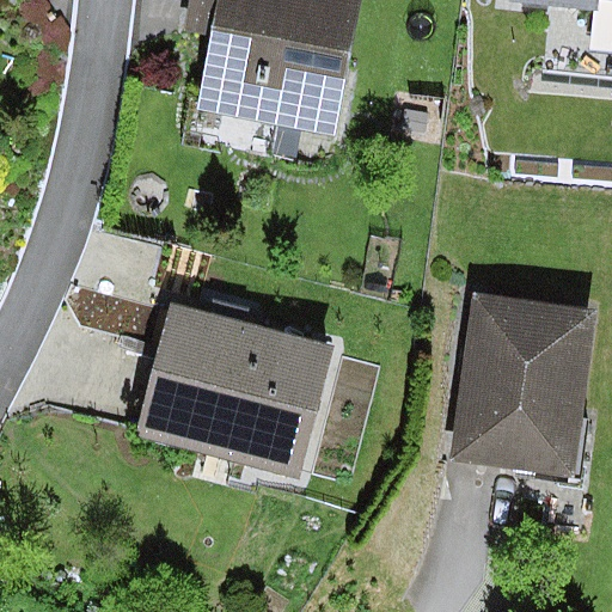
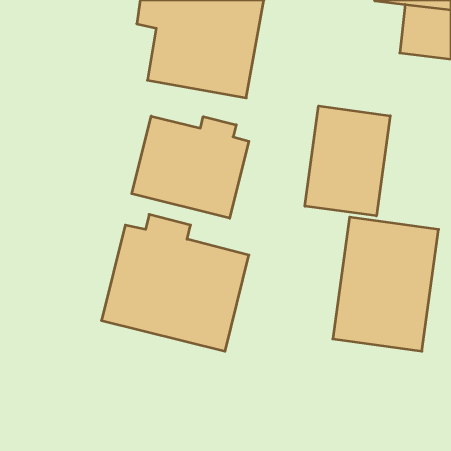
building: none -> [305,106,390,216]
building: none -> [132,116,249,218]

